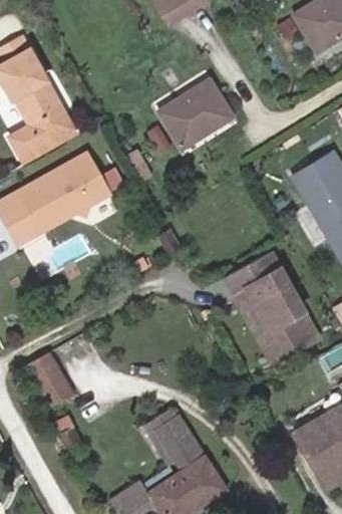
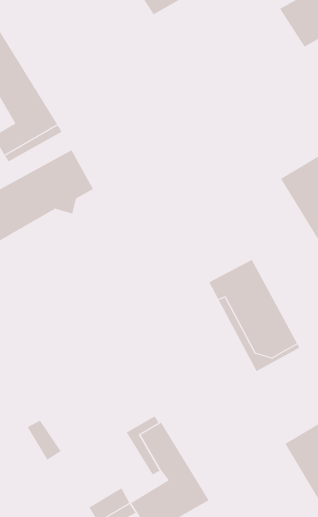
building: [159,82,232,149] -> none
building: [28,361,66,401] -> none

